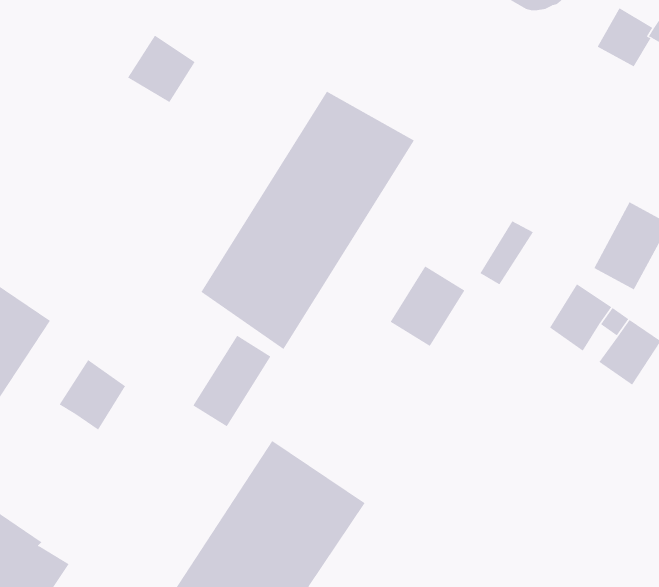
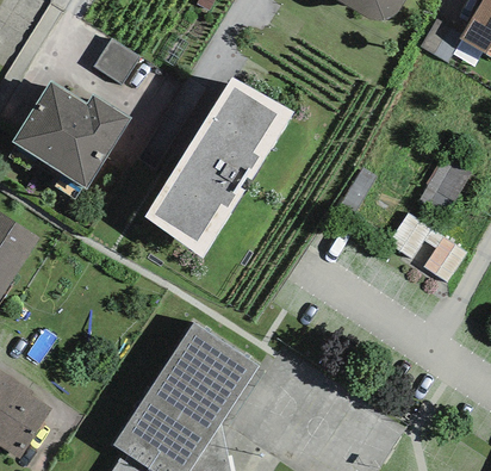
building: none -> [11,80,131,188]
building: [390,265,465,347] -> none
building: [193,335,271,427] -> none
building: [59,359,126,431] -> none

